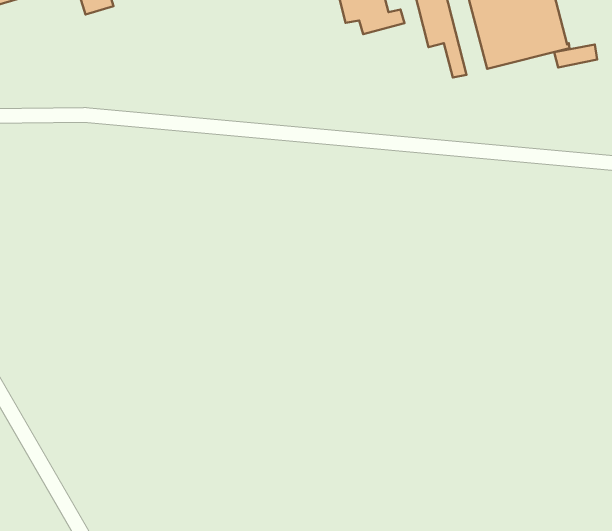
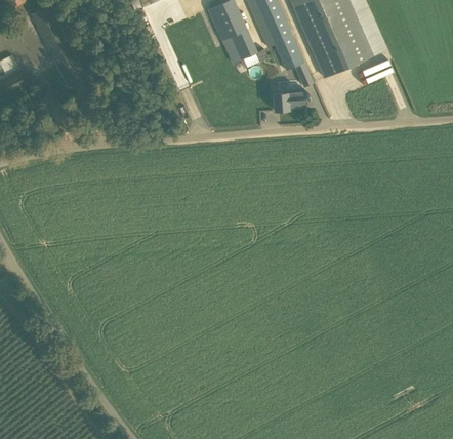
building: none -> [274,89,305,111]

